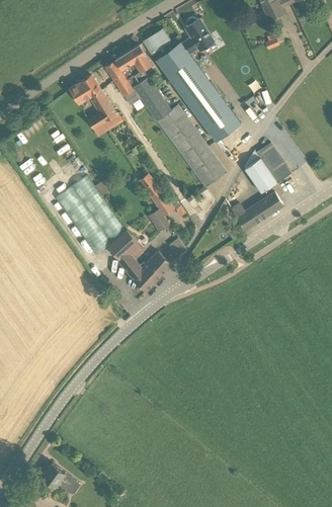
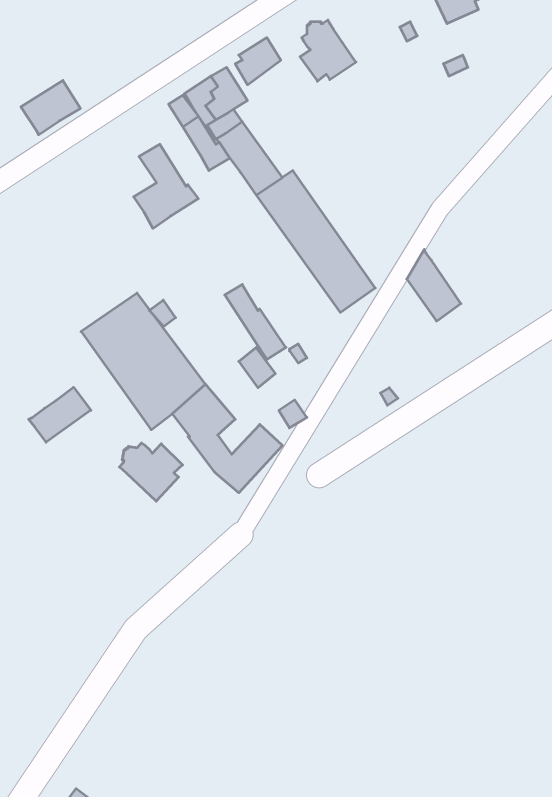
building: [155,40,241,141] -> none
building: [67,74,101,105] -> [21,80,80,135]
building: [255,142,292,182] -> none
building: [231,191,283,230] -> none
building: none -> [29,387,91,442]
building: none -> [119,443,183,501]

